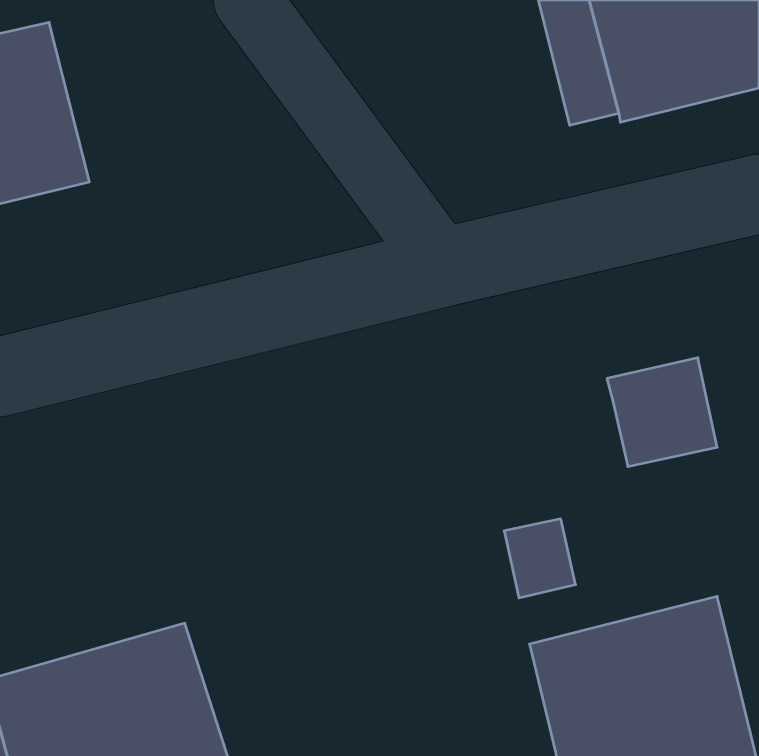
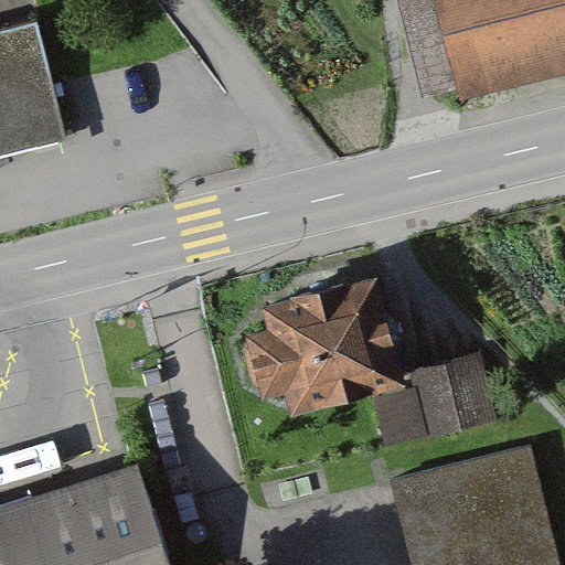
building: [607,358,717,467] -> [411,356,492,437]
building: none -> [245,269,405,406]

